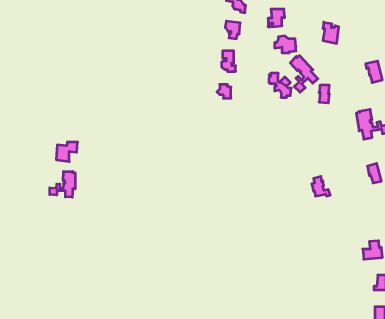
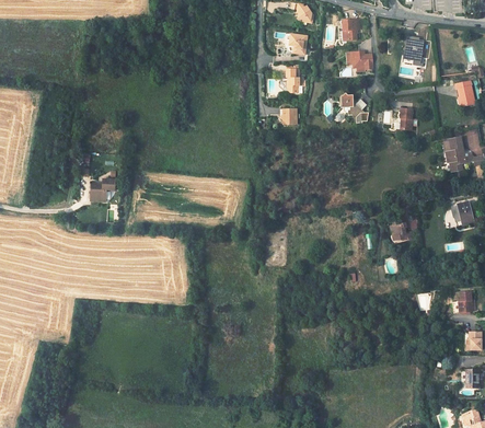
building: [290,56,318,92] -> none
building: [50,171,75,197] -> none

